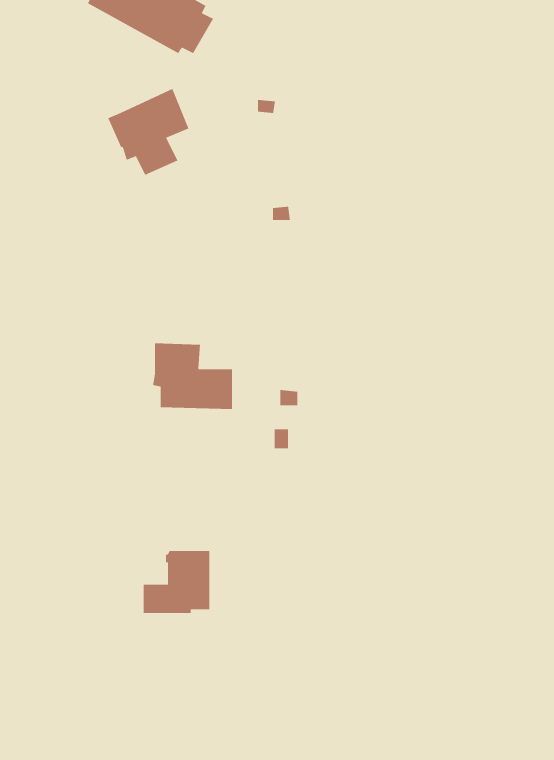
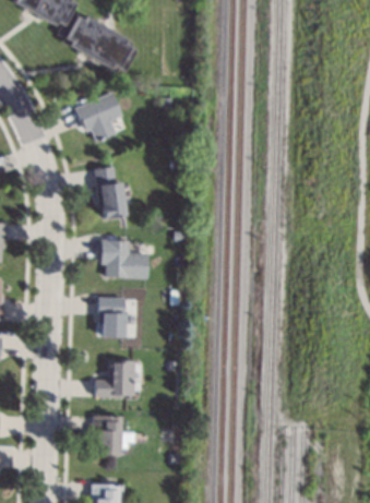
building: none -> [94,167,126,218]
building: none -> [98,298,124,337]
building: none -> [93,416,134,455]

